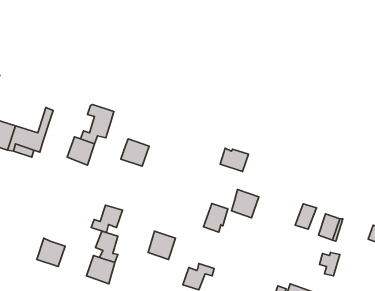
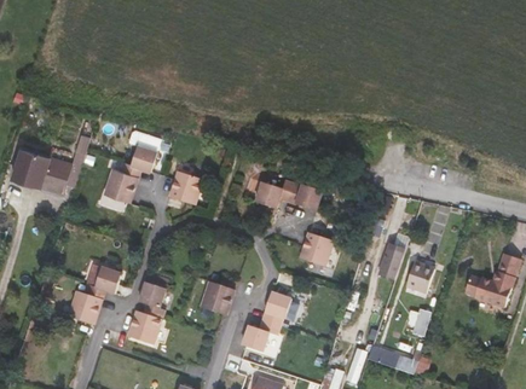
building: none -> [256,180,294,207]
building: [204,204,228,232] -> [262,292,291,326]
building: [91,205,123,233] -> [85,267,122,300]

